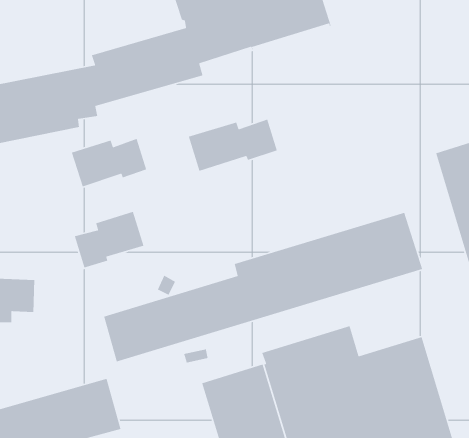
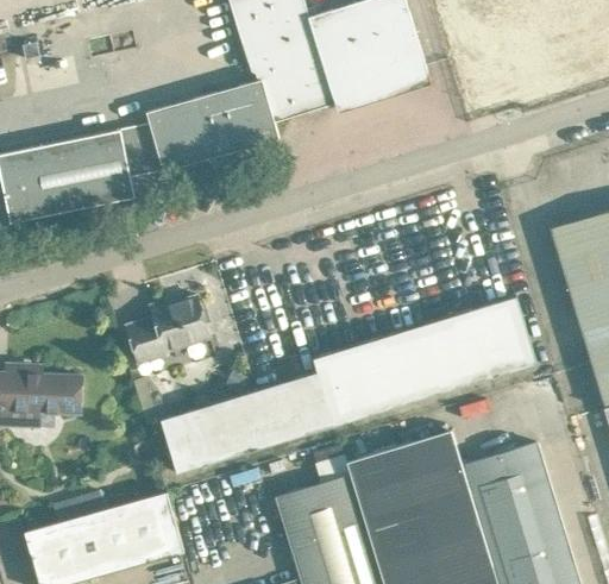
building: [188,118,278,172] -> none
building: [71,138,147,188] -> none

